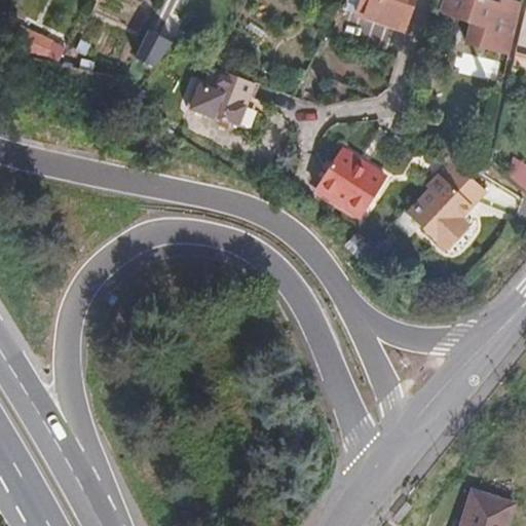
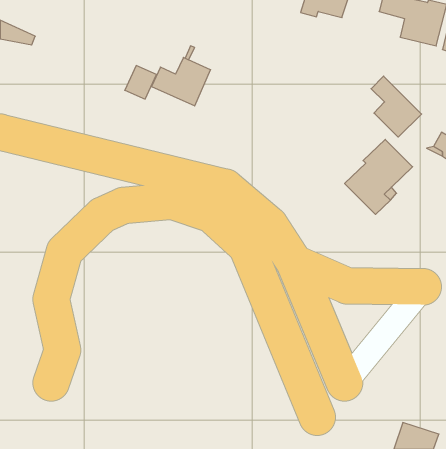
building: [141,26,178,65] -> [125,66,156,99]
building: none -> [371,76,422,137]
building: [312,149,383,219] -> none

